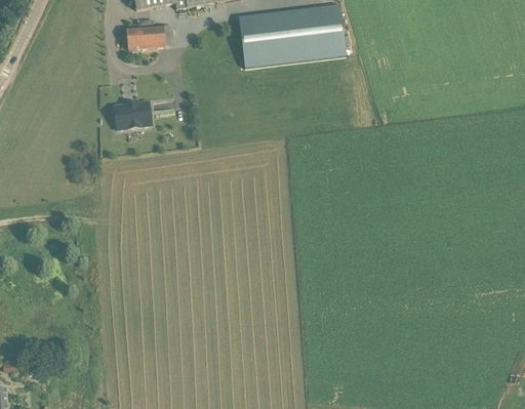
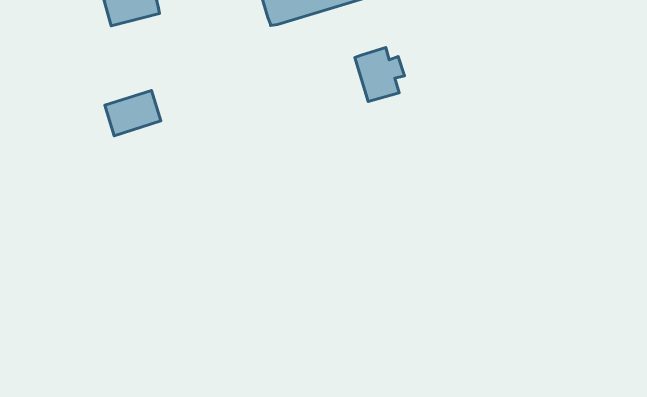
building: none -> [355,47,404,101]

